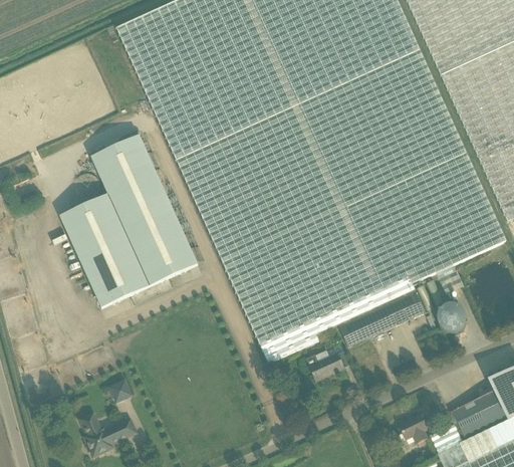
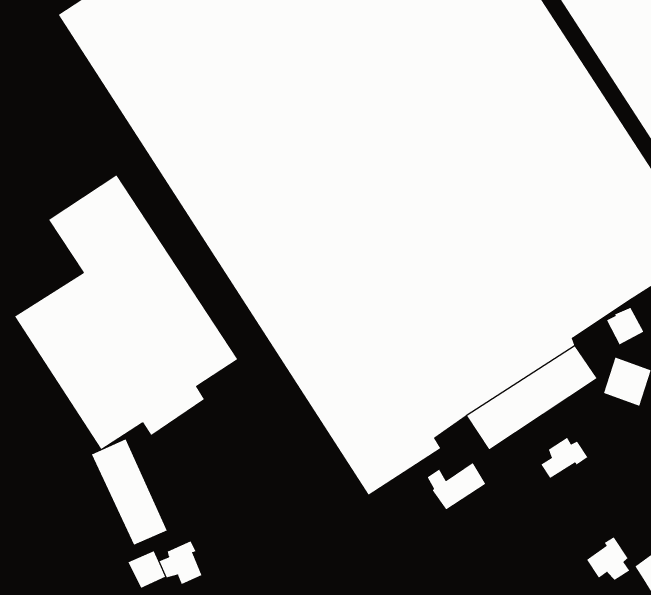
building: none -> [91,438,167,546]
building: none -> [541,437,588,479]
building: none -> [159,541,202,585]

